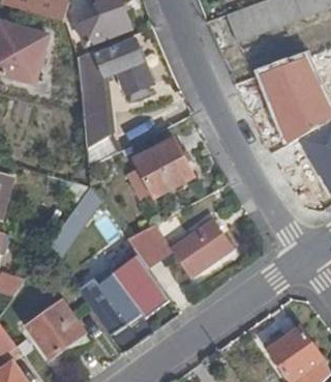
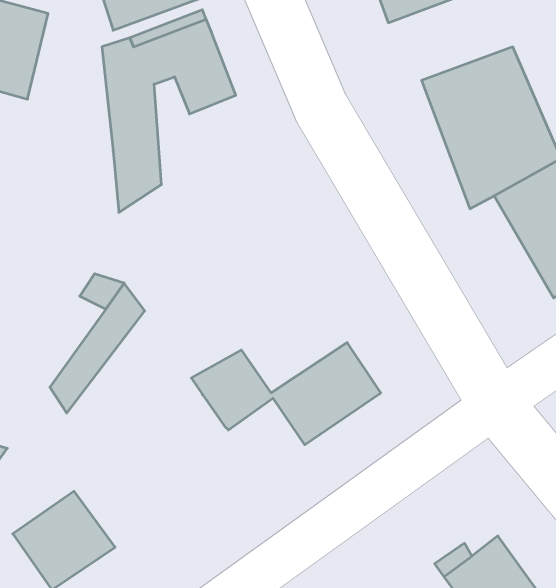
building: [134,138,193,197] -> none
building: [79,248,164,334] -> none

